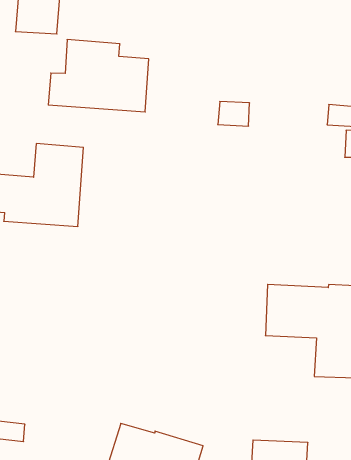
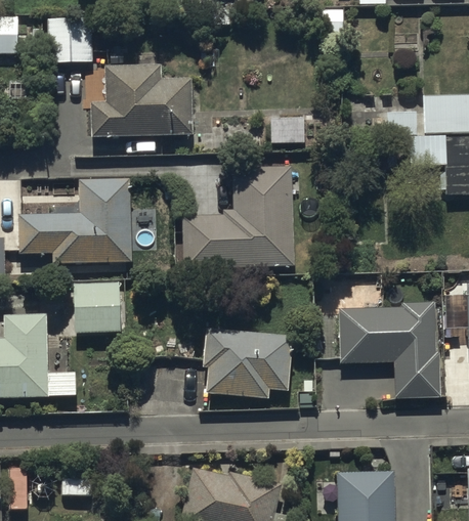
building: none -> [183,167,292,268]
building: none -> [74,285,120,334]
building: none -> [202,329,290,398]

